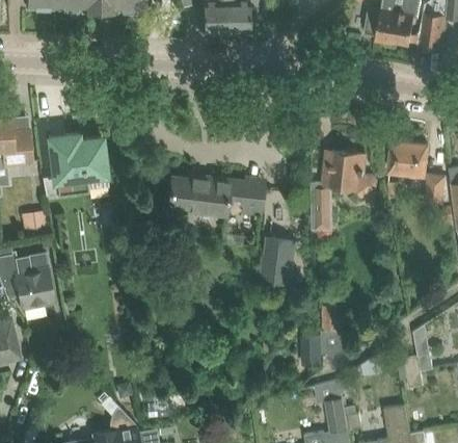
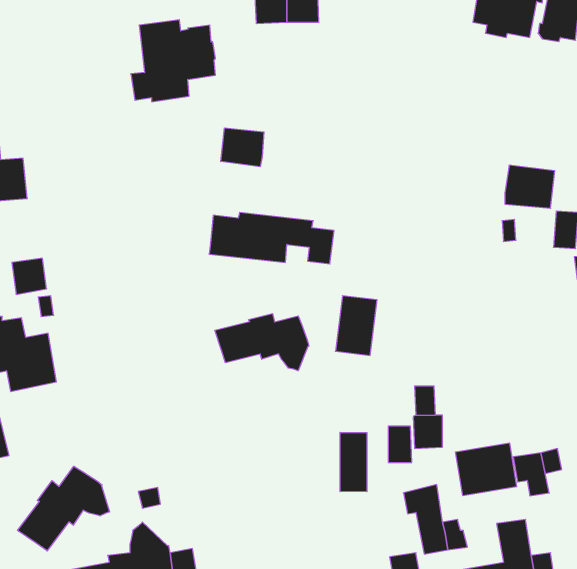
building: none -> [221,128,264,167]
building: [42,133,105,194] -> [131,20,215,102]
building: [311,151,378,230] -> none
building: none -> [215,314,309,371]
building: none -> [340,432,367,492]
building: none -> [456,443,517,496]
building: none -> [18,466,110,551]

